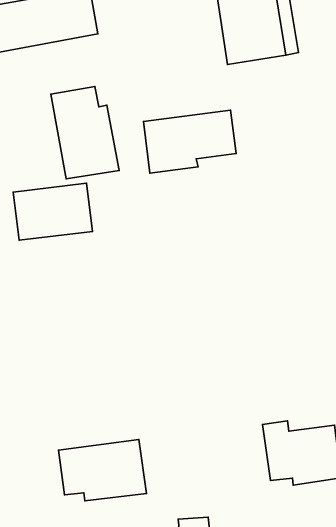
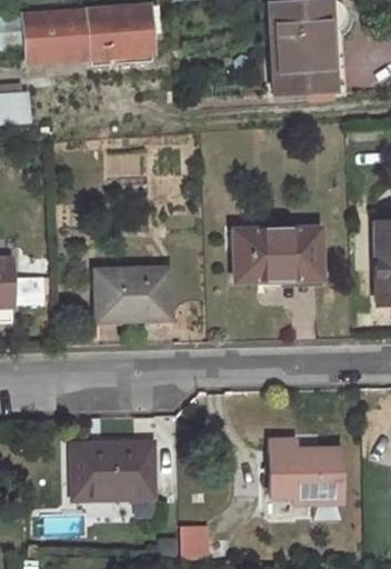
building: [51,86,119,179] -> none
building: [143,110,236,173] -> [233,228,319,280]
building: [13,183,93,240] -> [97,270,169,318]

